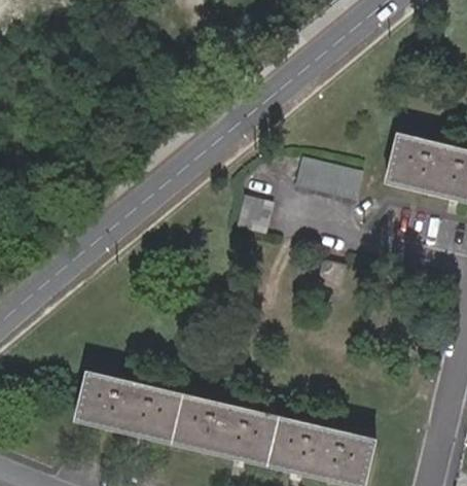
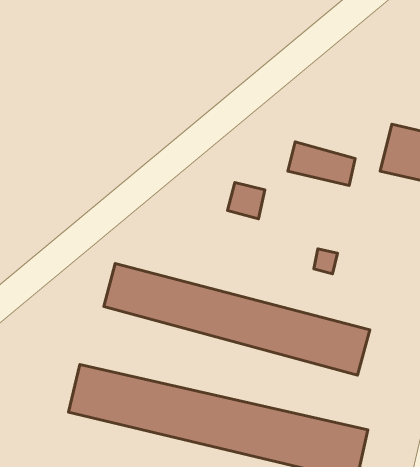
building: none -> [104,264,370,375]

